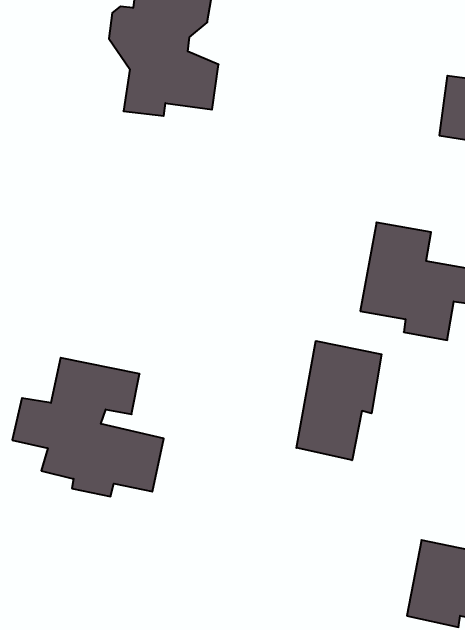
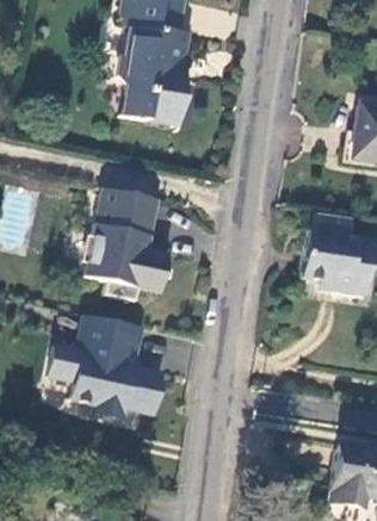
building: none -> [92,188,173,303]
building: [296,341,382,460] -> none

